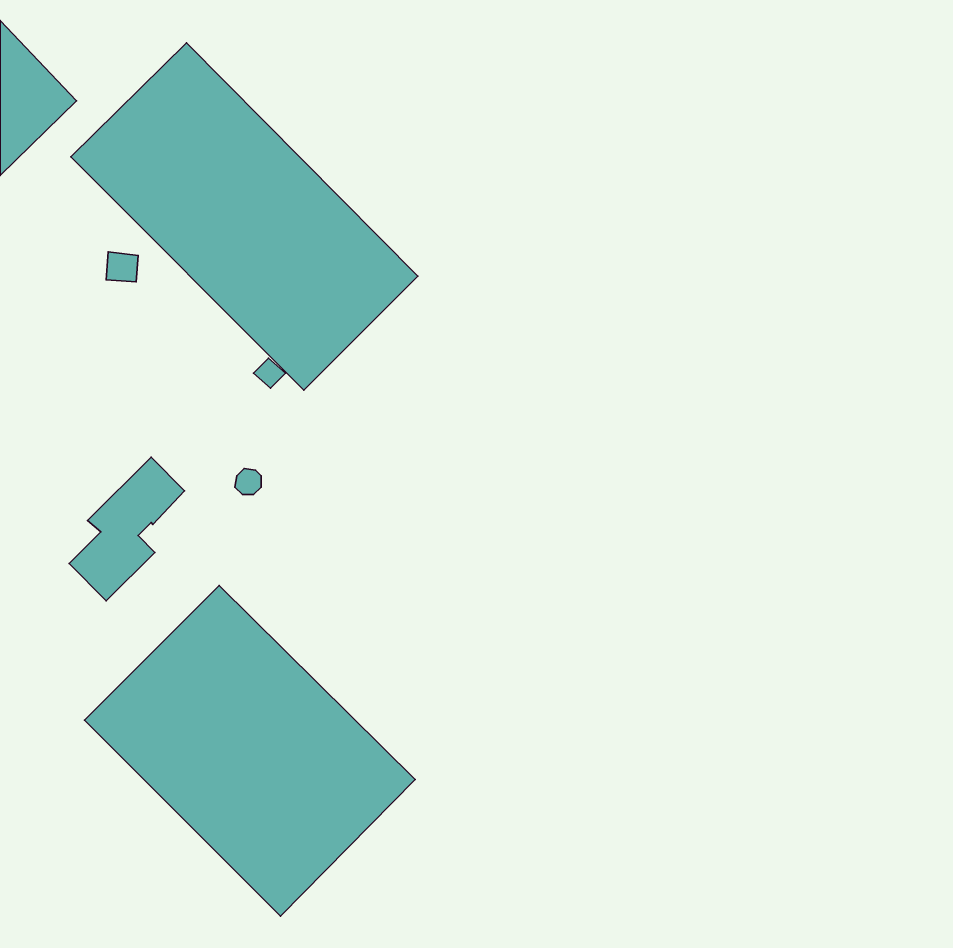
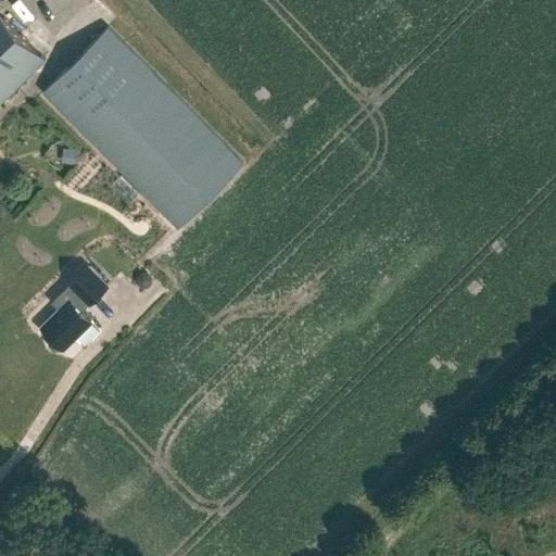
building: [85,586,415,916] -> none

